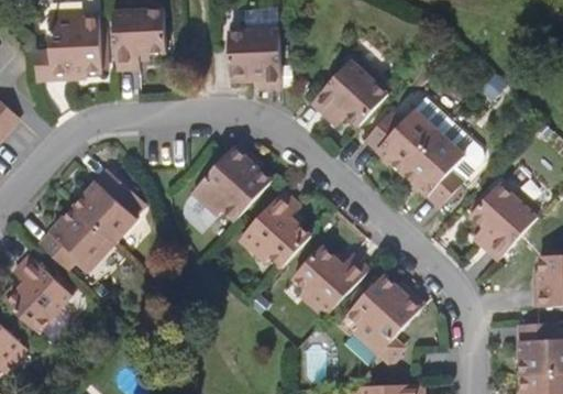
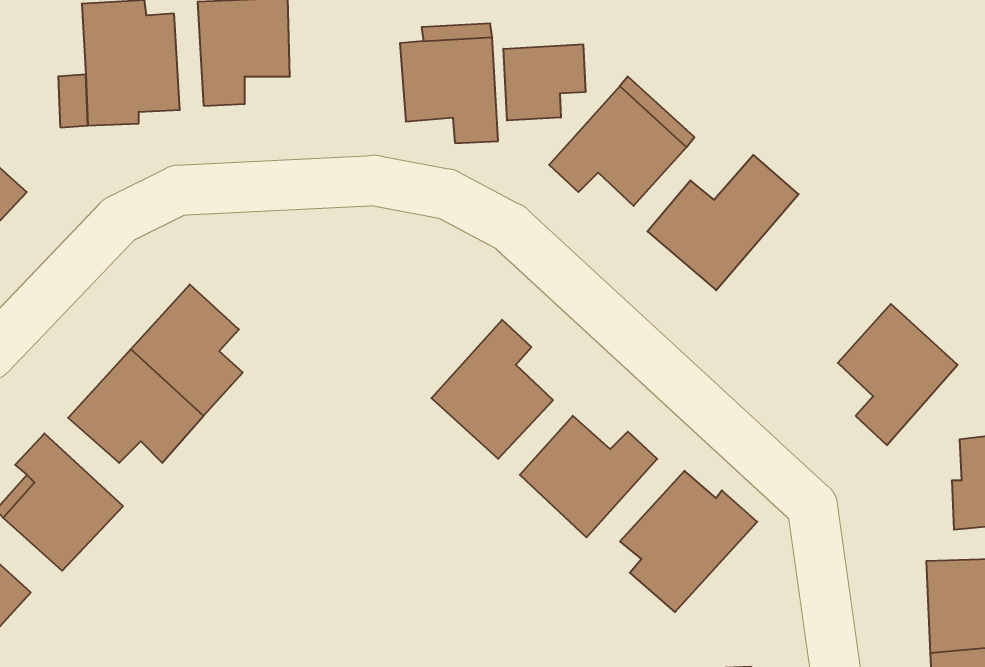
building: none -> [503,44,585,121]
building: [402,119,486,206] -> none
building: [190,140,271,219] -> none

